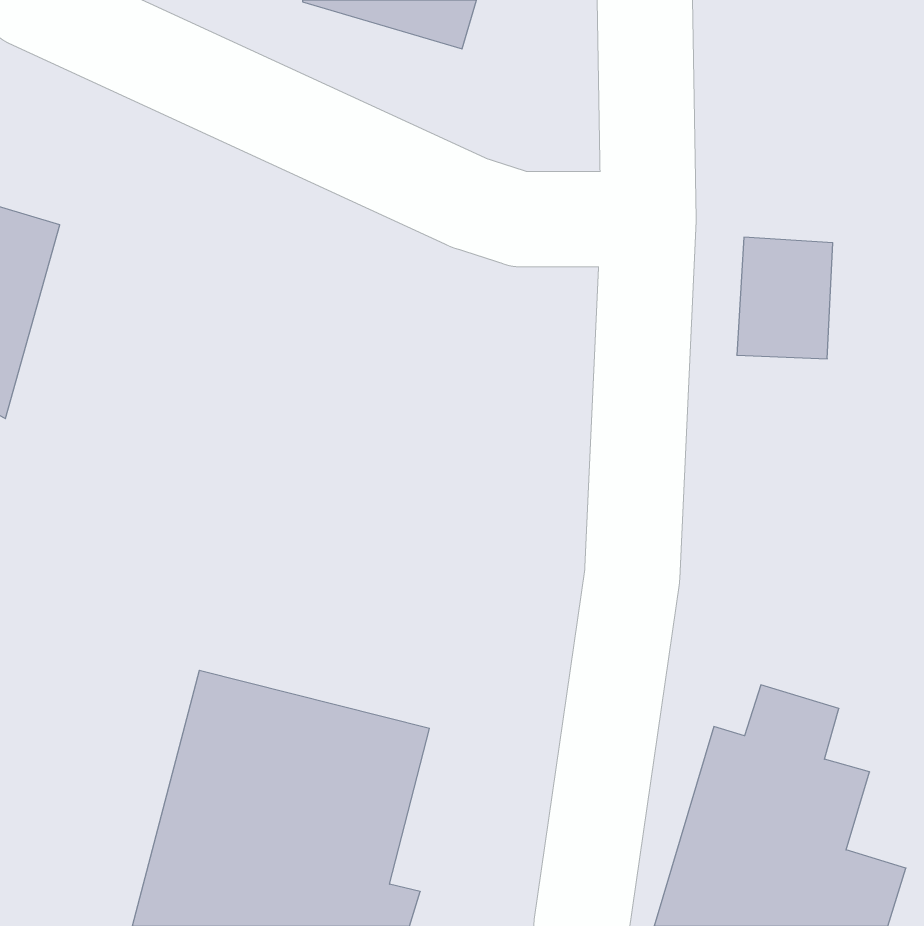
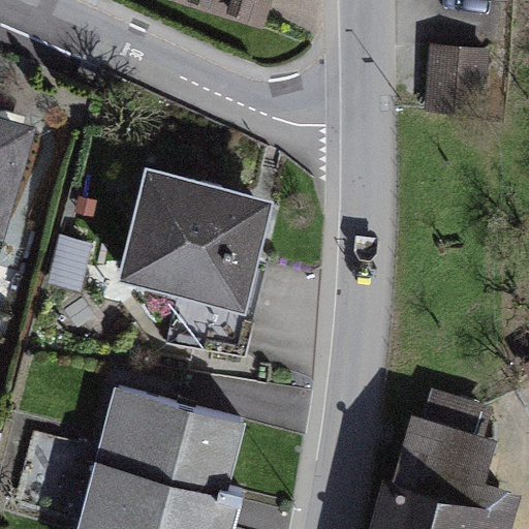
building: [737,237,833,359] -> [430,42,485,112]
building: none -> [119,173,270,356]

